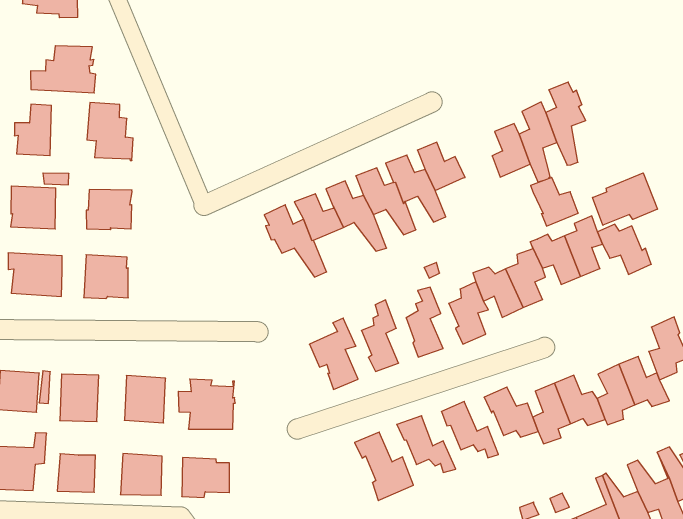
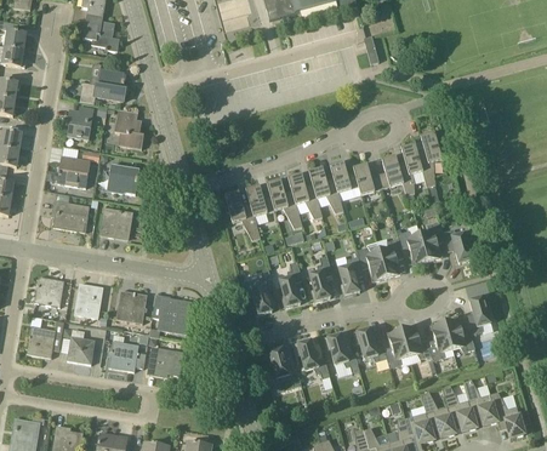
building: [593,173,657,225] -> none
building: [531,177,578,226] -> [353,164,382,195]

